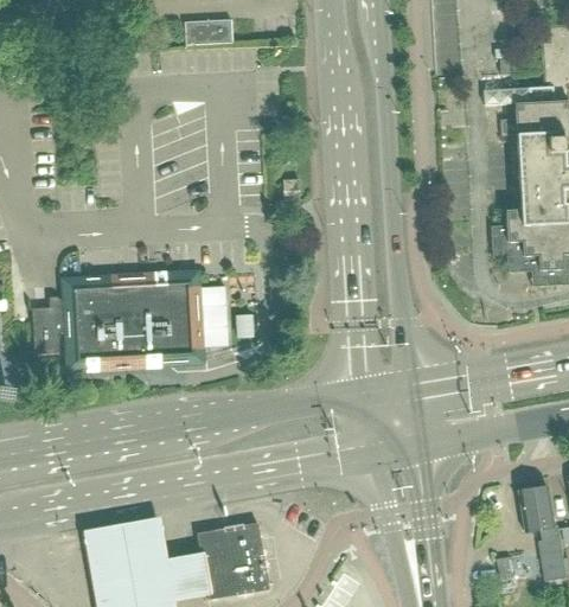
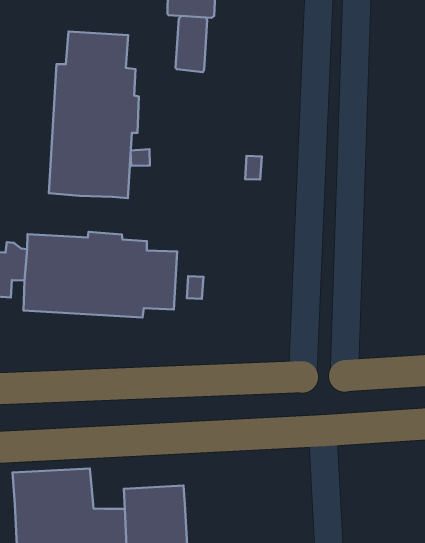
building: none -> [176,16,207,72]
building: none -> [49,32,139,198]

